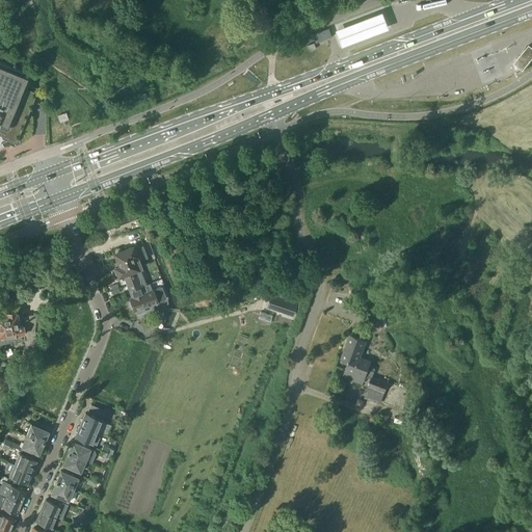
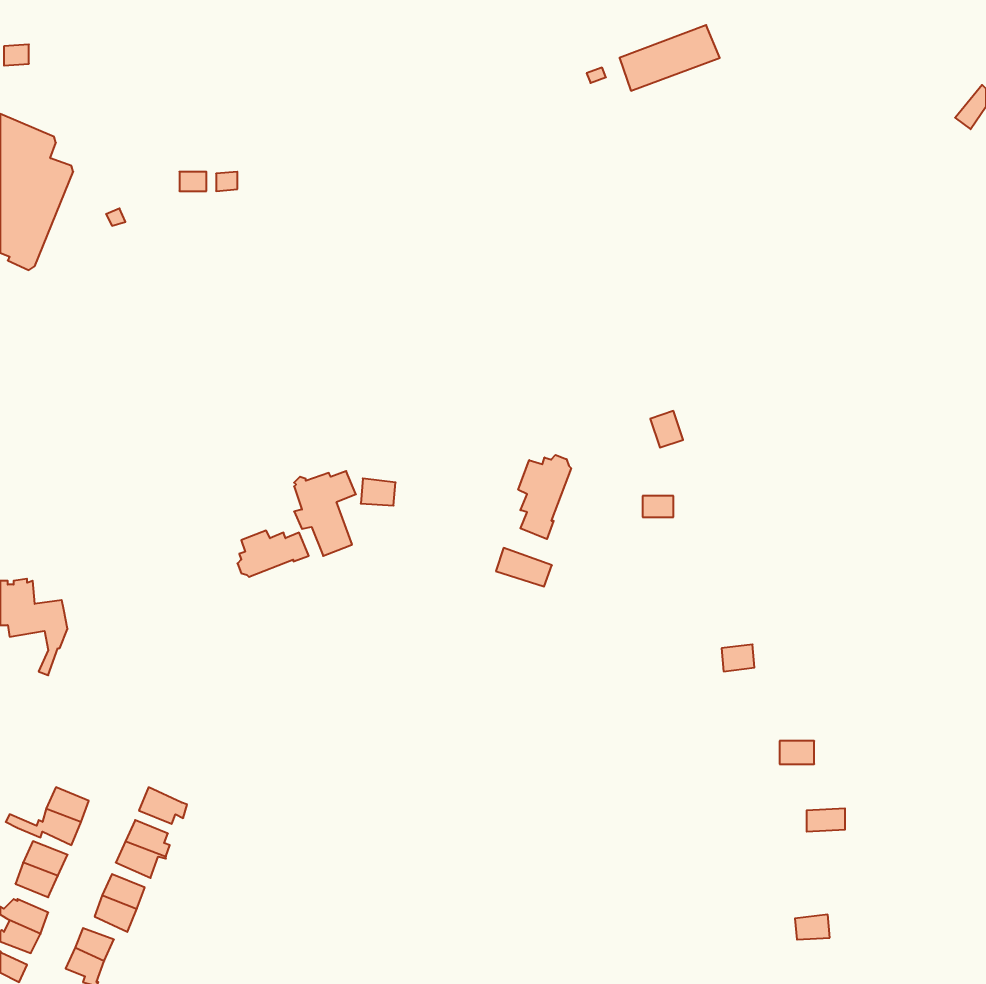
building: none -> [518,455,571,539]
building: [114,246,148,292] -> [294,471,356,556]
building: [341,337,388,405] -> none
building: [80,406,105,433] -> none

